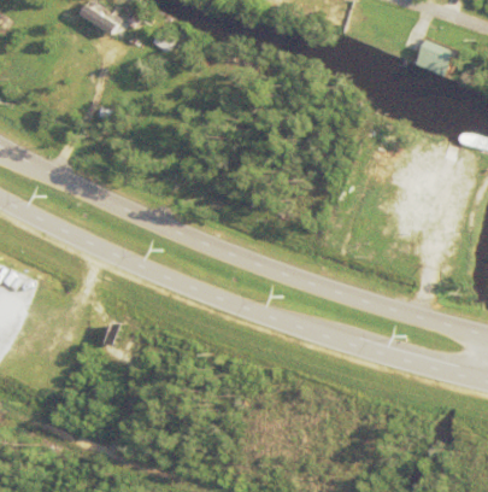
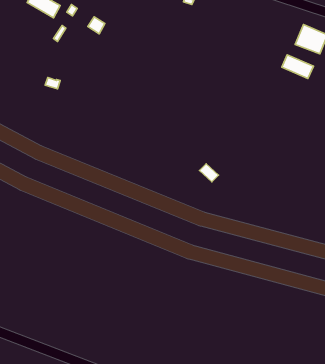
building: none -> [282,55,314,78]

